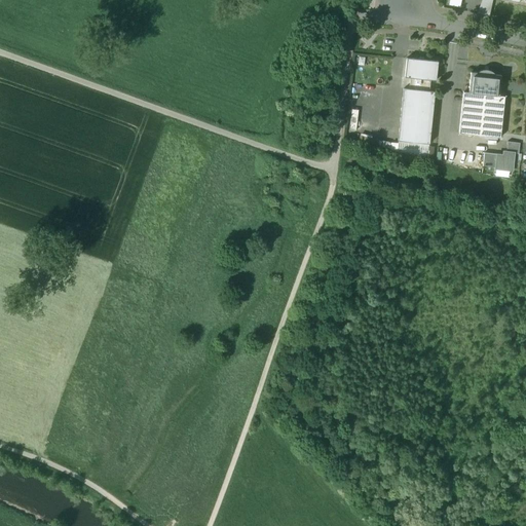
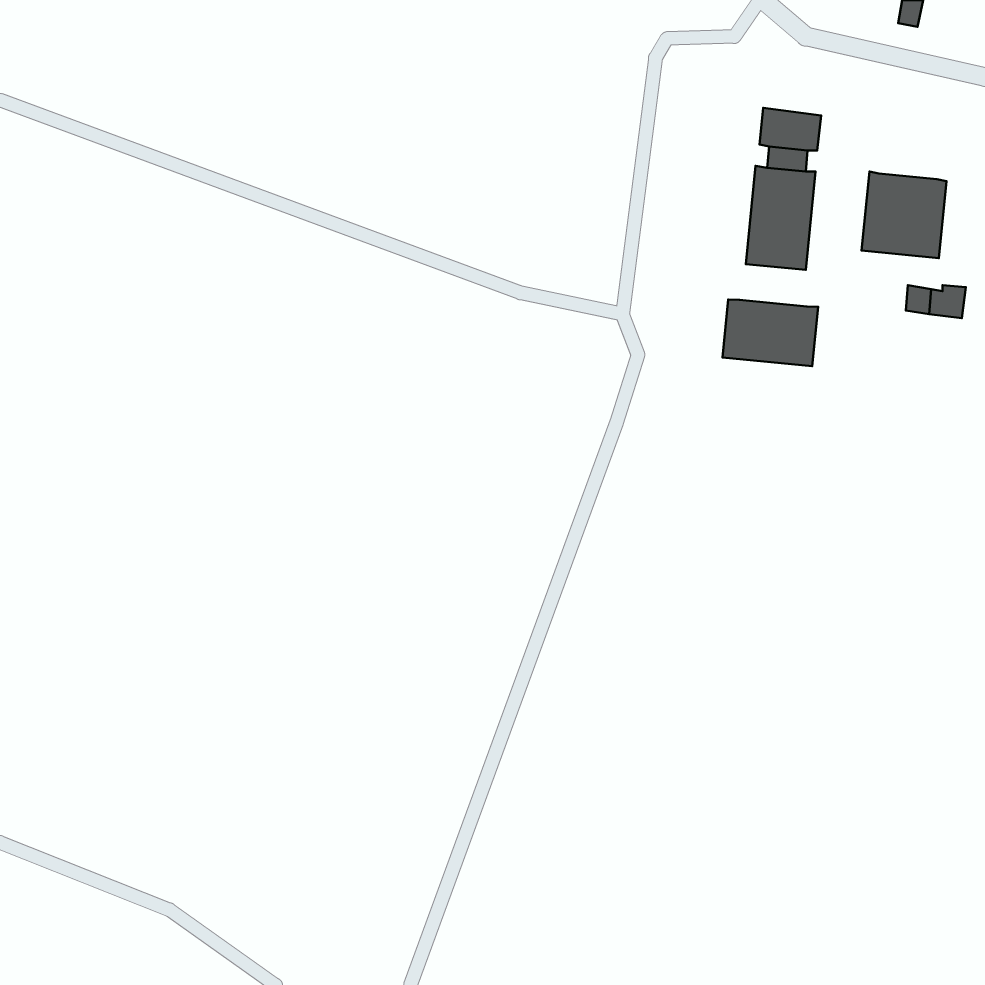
building: [468,70,501,96] -> none
building: none -> [722,300,818,366]

